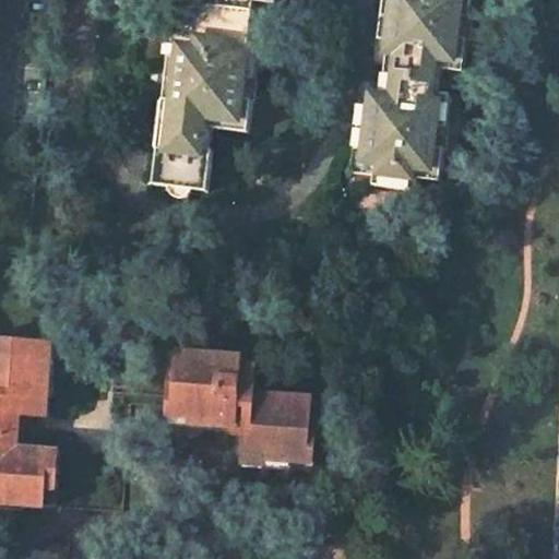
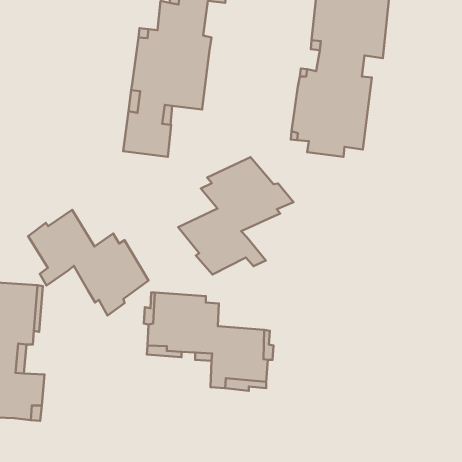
building: none -> [178,157,293,274]
building: none -> [28,210,149,315]

